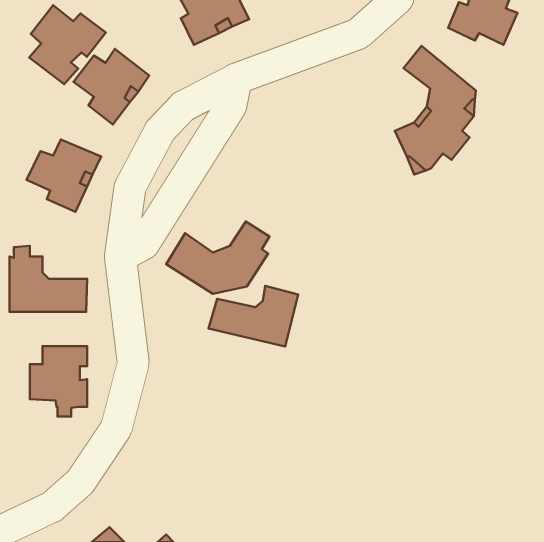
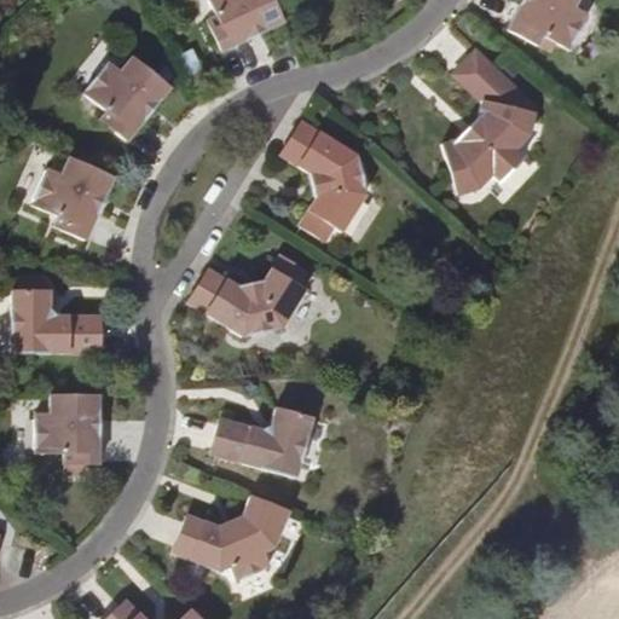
building: [29,5,106,84] -> none
building: none -> [278,122,365,242]
building: [209,286,298,347] -> [212,403,313,472]
building: none -> [173,494,289,579]

